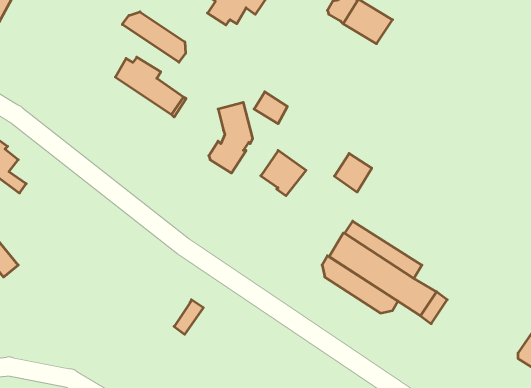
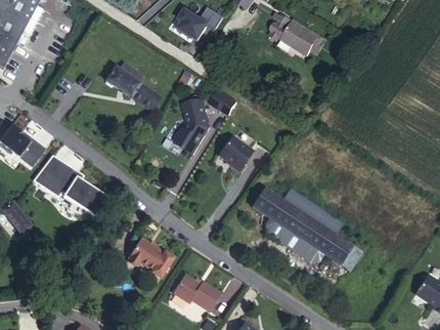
building: [122,12,186,62] -> none
building: [334,153,372,192] -> [252,188,280,217]
building: none -> [33,166,105,214]
building: none -> [126,236,163,269]
building: none -> [173,271,222,308]

